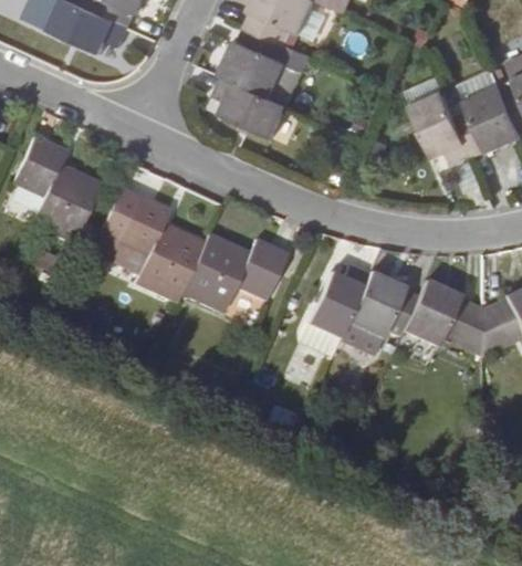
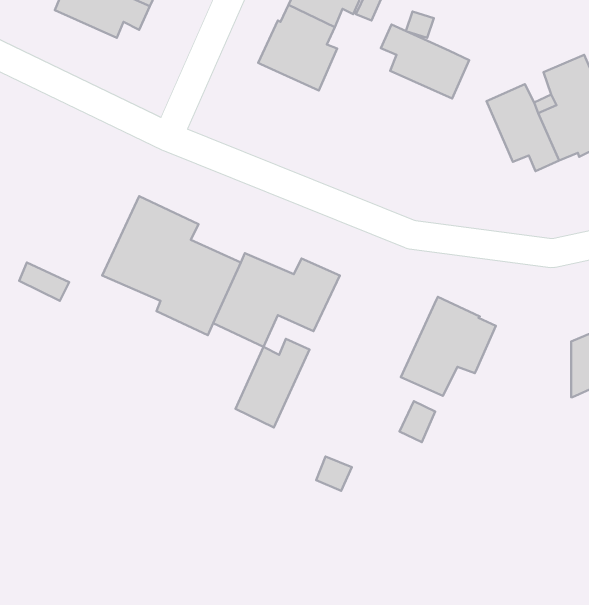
building: [213,75,288,137] -> [381,25,469,99]
building: [11,135,102,243] -> none
building: [307,263,369,337] -> [236,339,310,427]
building: [404,279,482,354] -> none

